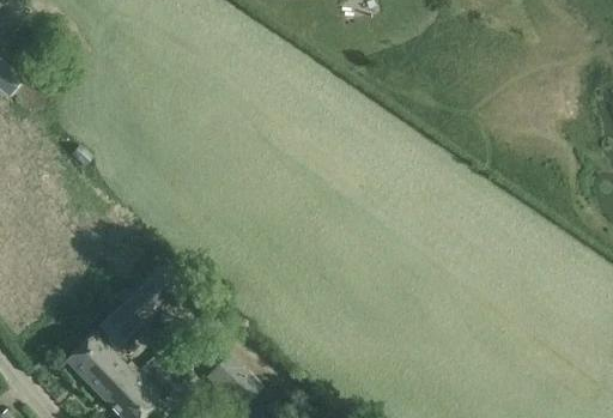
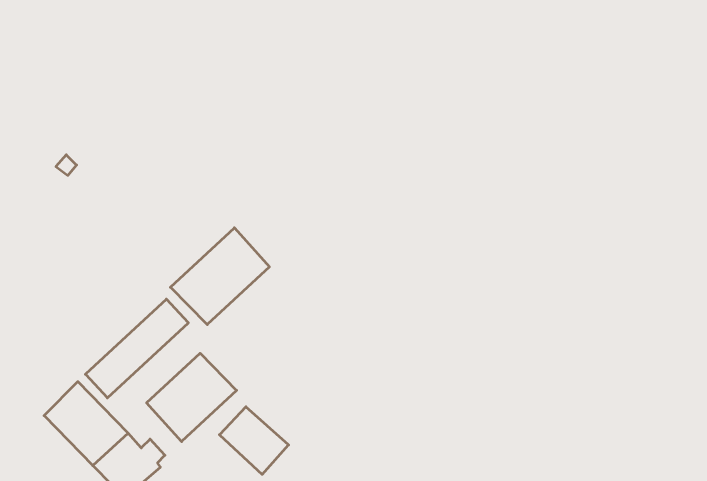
building: none -> [170,228,269,325]
building: none -> [147,353,237,442]

